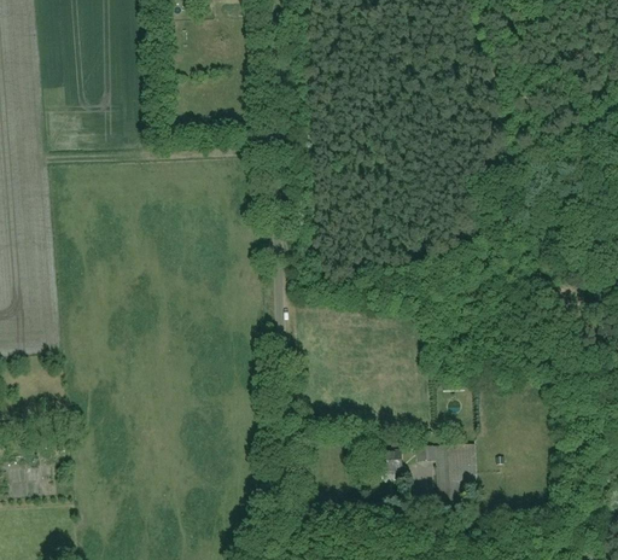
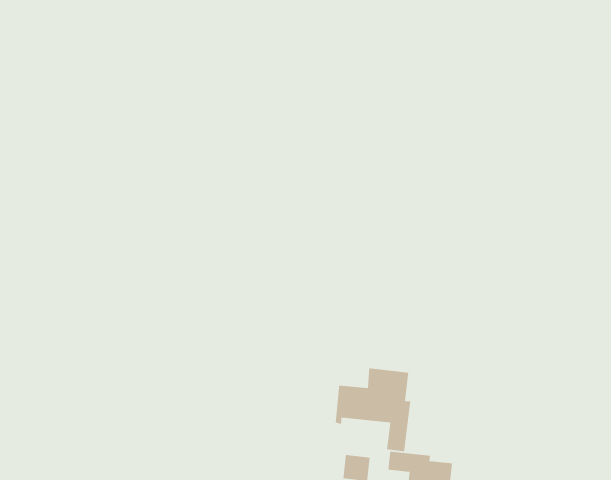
building: none -> [335,367,411,452]

